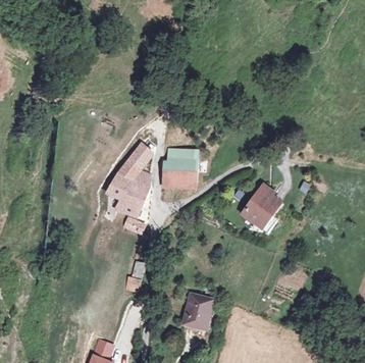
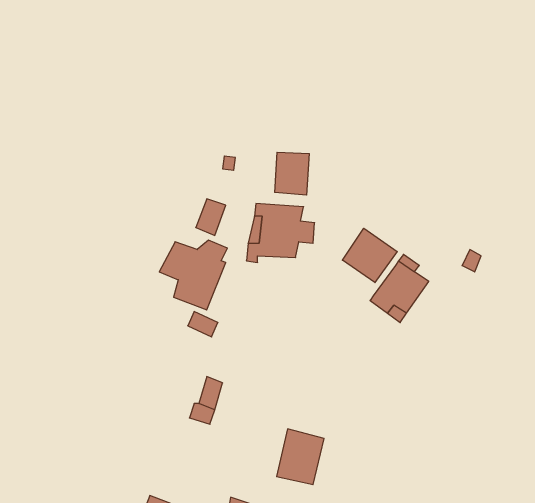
building: none -> [275,152,309,195]
building: none -> [342,228,397,283]

